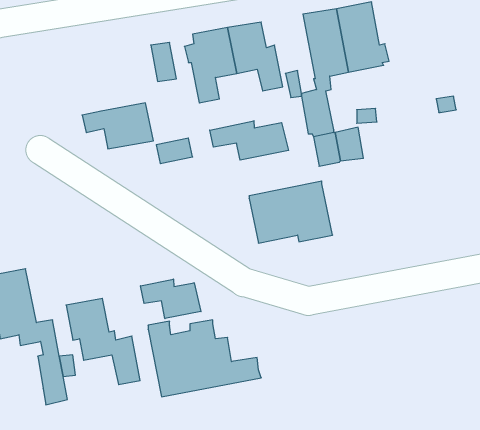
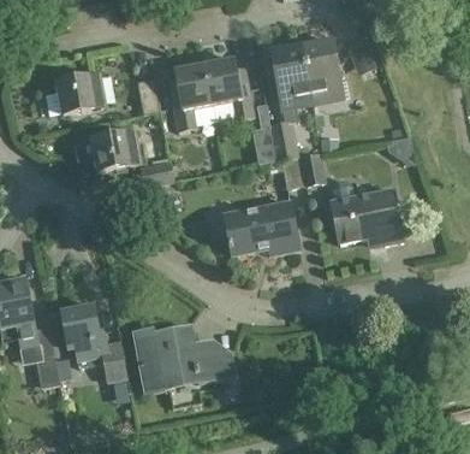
building: none -> [47,72,105,112]
building: [210,121,289,160] -> none
building: none -> [331,178,403,243]
building: [141,279,201,319] -> none

